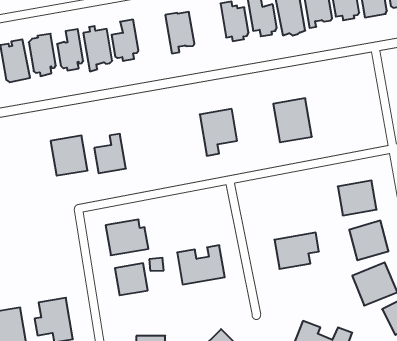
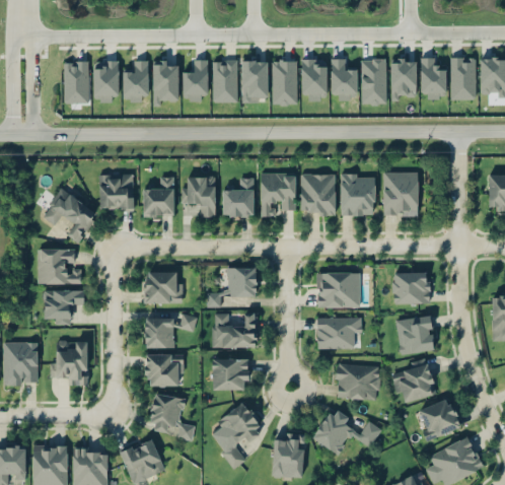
building: none -> [273,59,298,107]
building: none -> [213,61,237,102]
building: none -> [383,172,418,216]
building: none -> [300,175,336,216]
building: none -> [223,179,252,217]
building: none -> [183,178,215,217]
building: none -> [42,188,96,241]
building: none -> [316,272,359,307]
building: none -> [207,268,257,306]
building: none -> [38,250,80,284]
building: none -> [45,291,84,325]
building: none -> [335,364,380,401]
building: none -> [212,358,249,391]
building: none -> [144,354,183,387]

